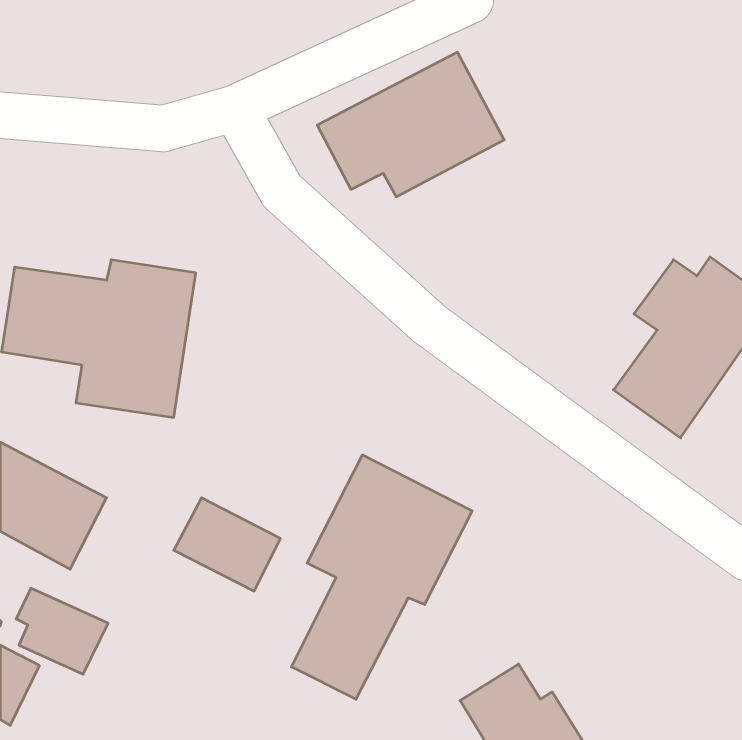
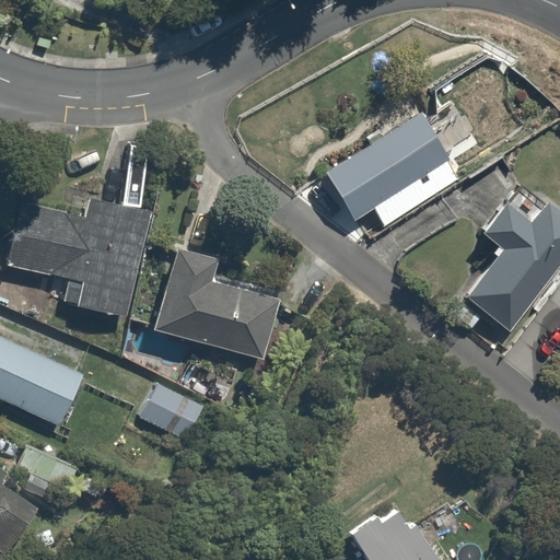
building: [317,52,504,197] -> [324,117,464,225]
building: none -> [152,246,279,359]
building: [291,455,472,699] -> none

